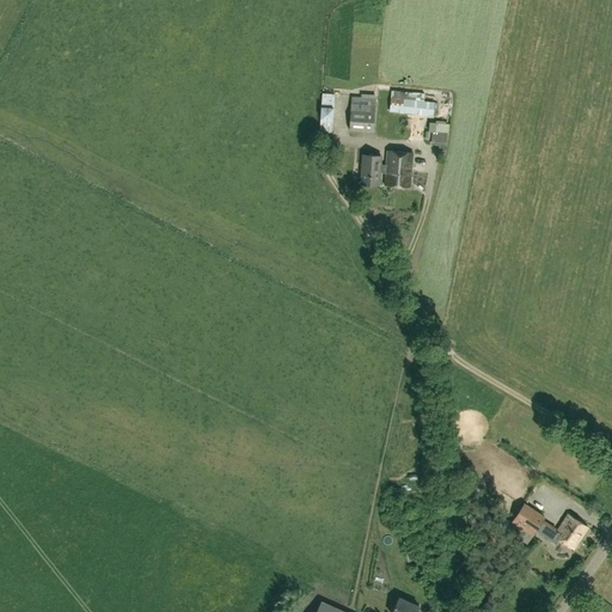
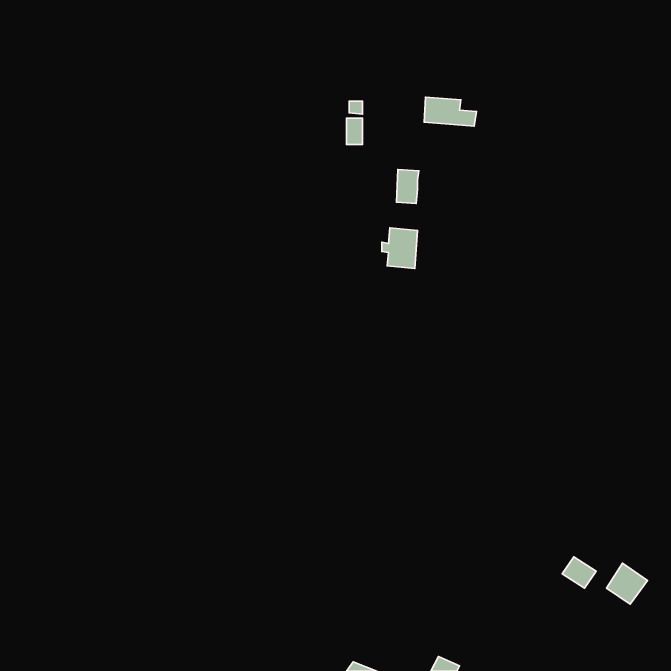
building: [349,96,375,131] -> none
building: [380,151,412,188] -> [382,228,417,268]

